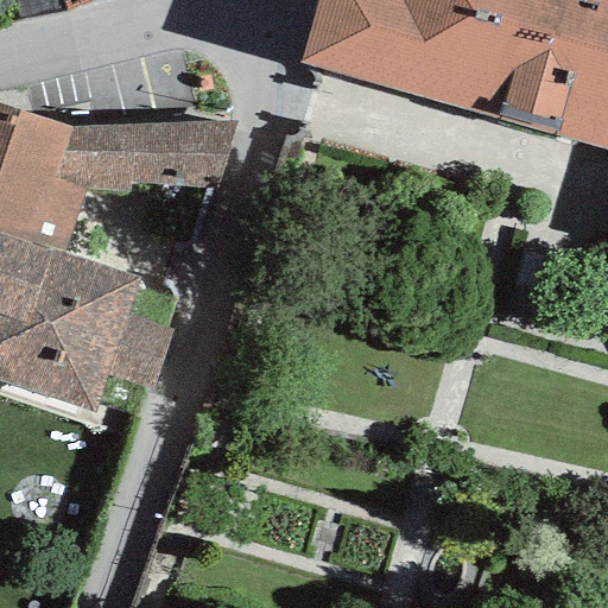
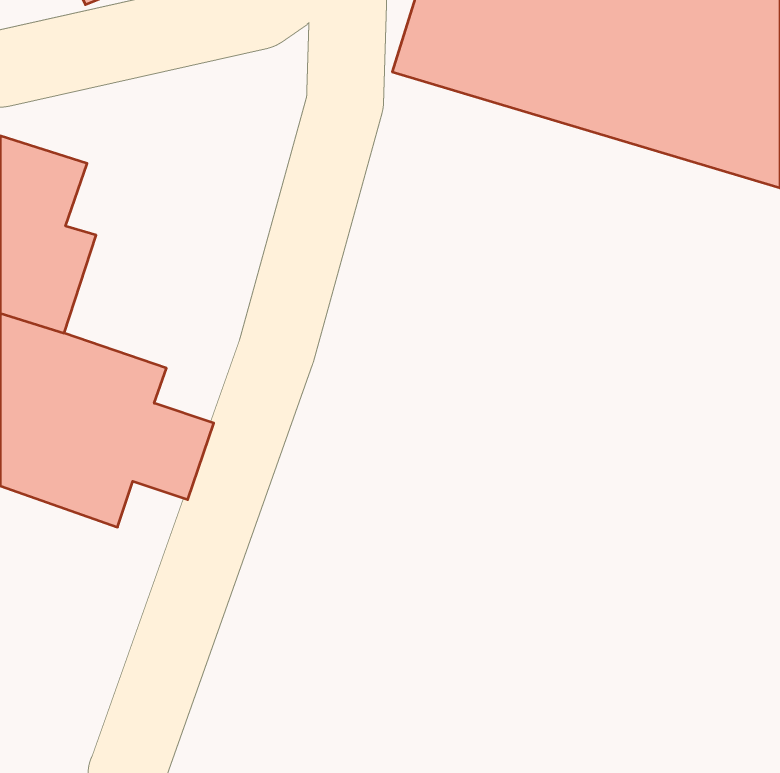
building: [51,121,232,186] -> none

